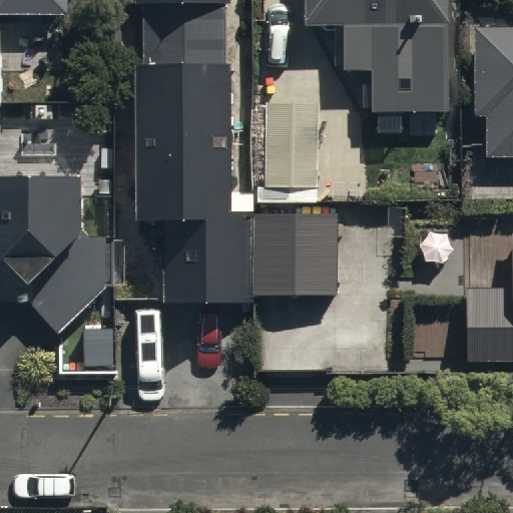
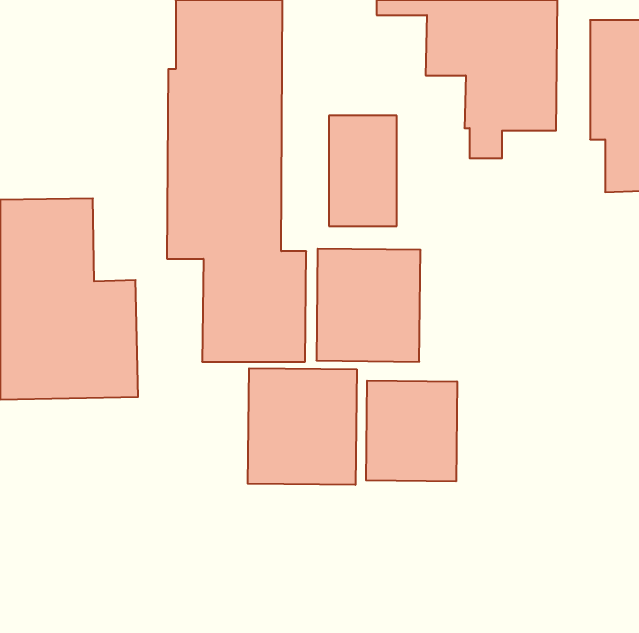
building: none -> [248,368,357,485]
building: none -> [366,381,457,481]

